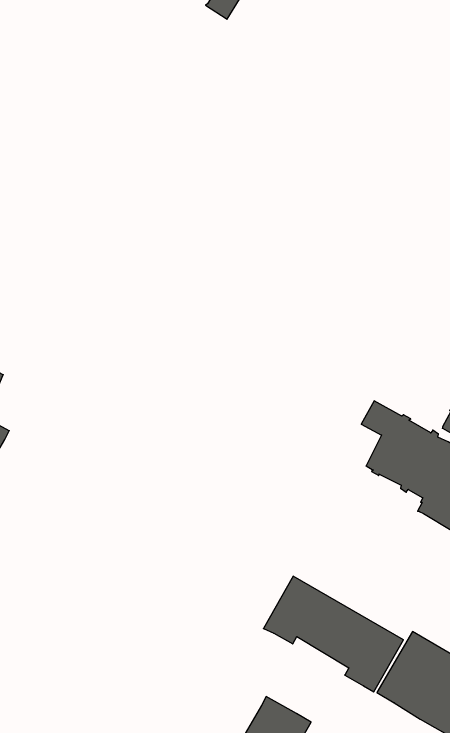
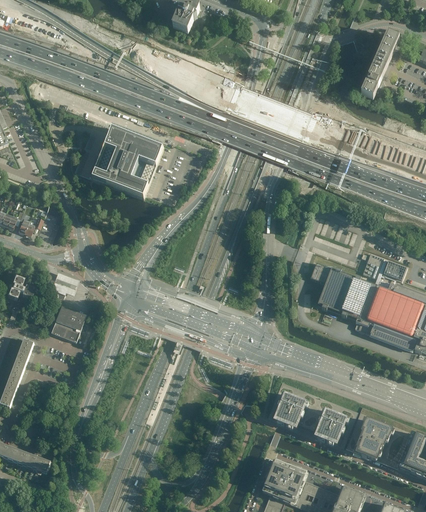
building: none -> [73,117,162,198]

